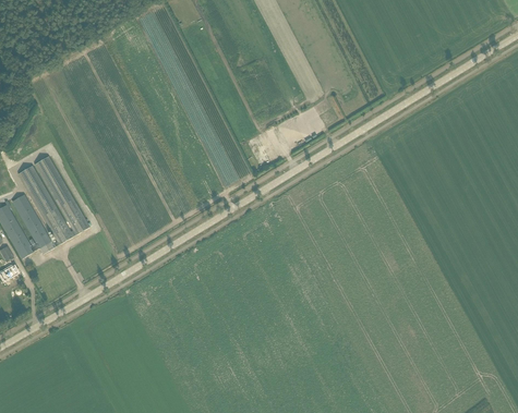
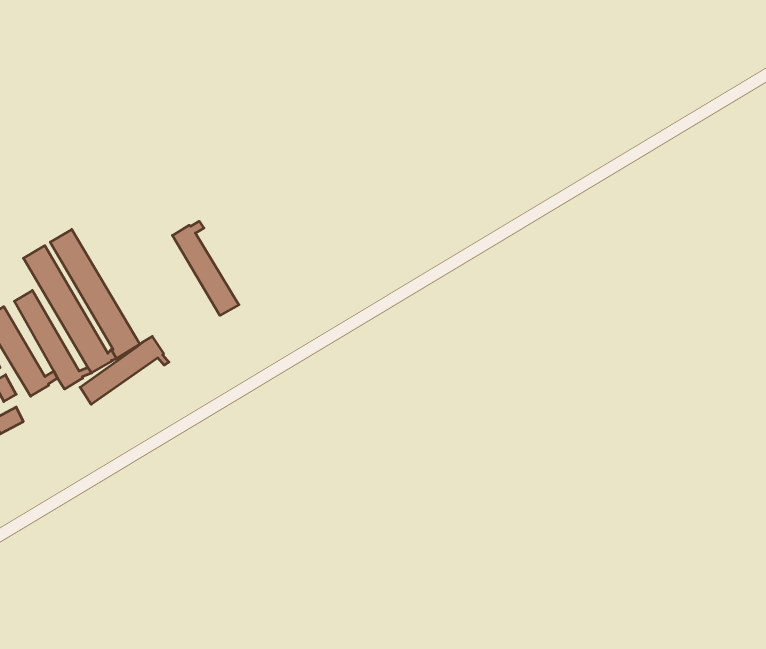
building: none -> [172,221,239,315]
building: none -> [80,336,169,404]

